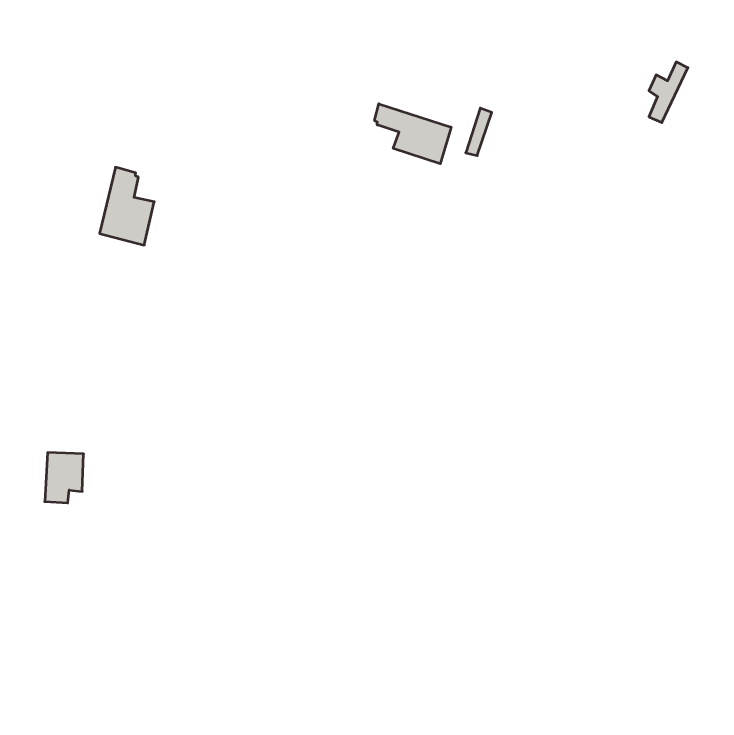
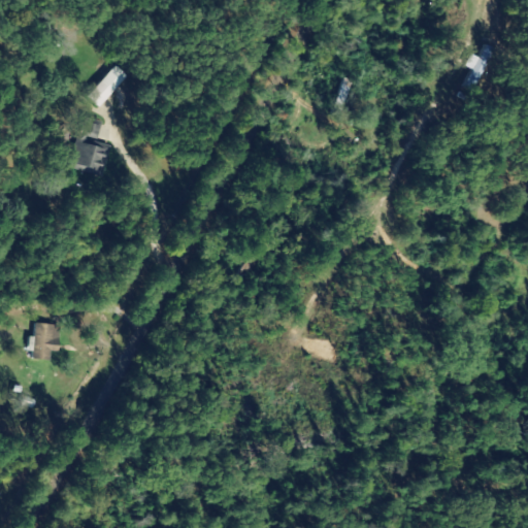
building: none -> [88,65,128,107]
building: [375,104,451,164] -> none

